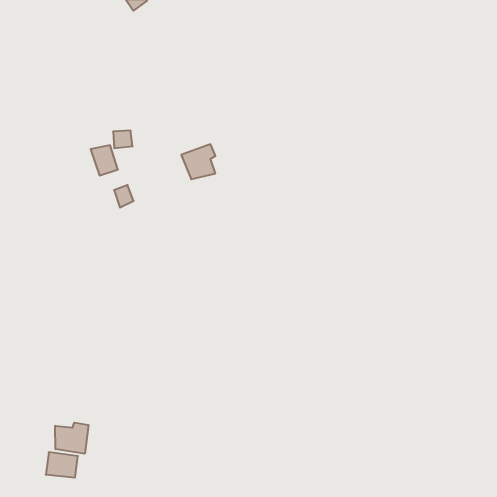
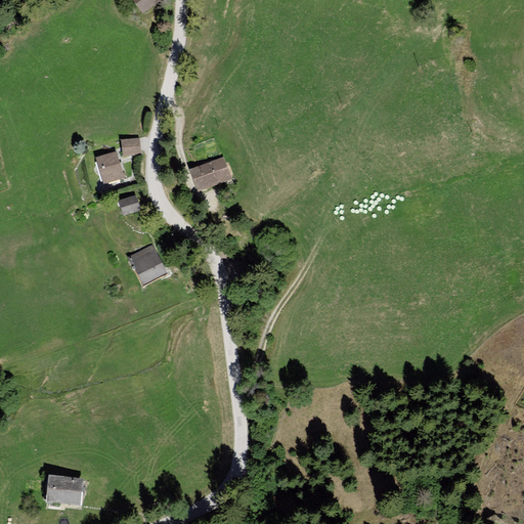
building: none -> [128,246,169,289]
building: [55,423,88,454] -> none

